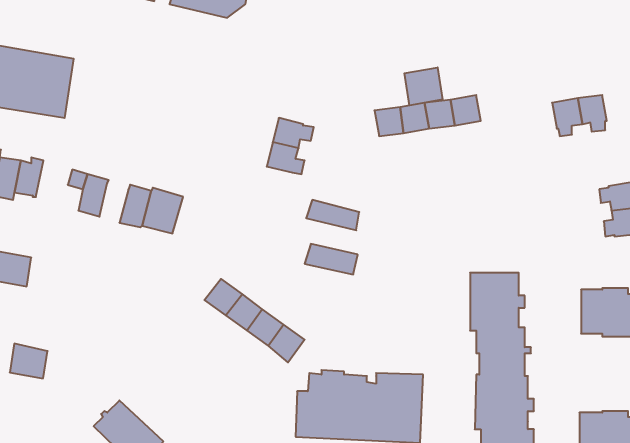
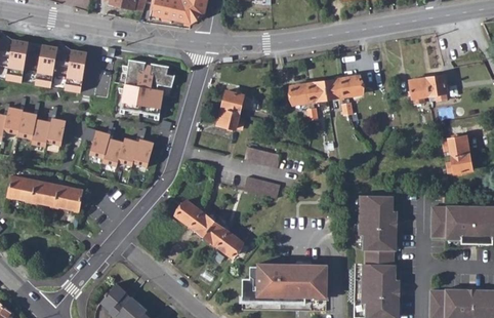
building: [404,67,443,105] -> none
building: none -> [122,58,175,115]
building: none -> [102,133,124,165]
building: [10,344,48,378] -> [55,186,81,209]

